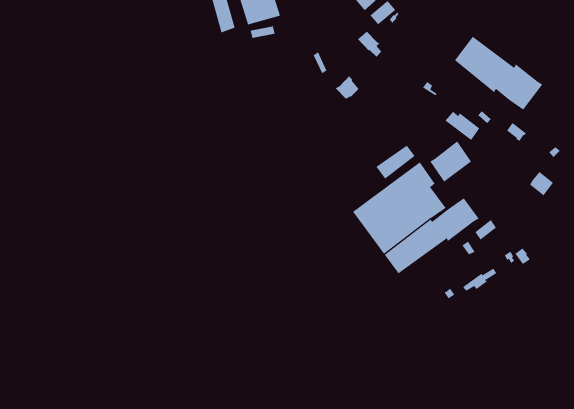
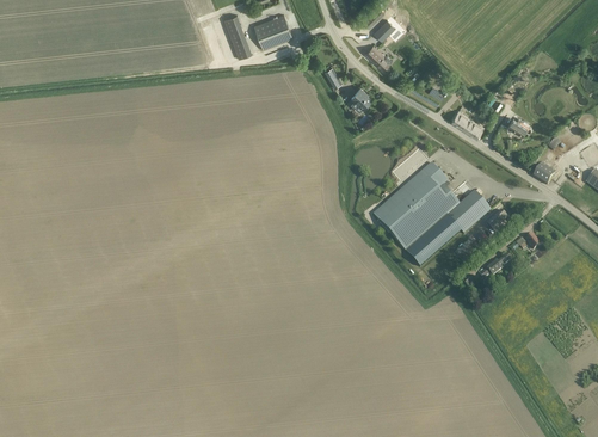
building: [454,36,543,111] -> none
building: [430,140,472,182] -> none

